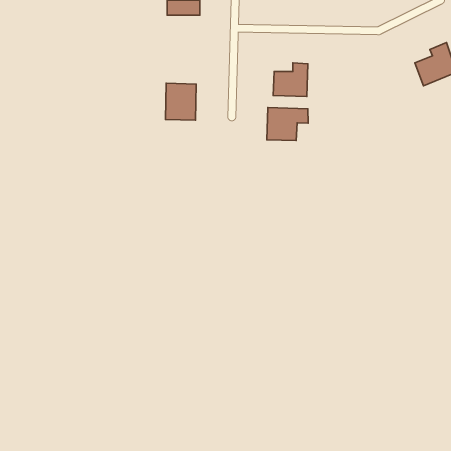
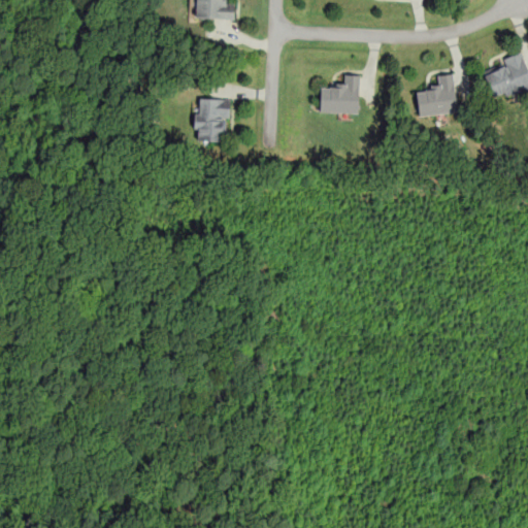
building: none -> [416,73,459,117]
building: [267,108,308,141] -> none

